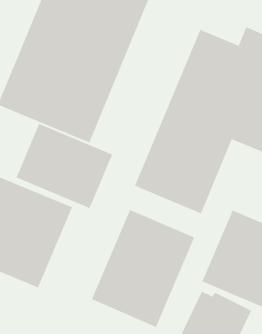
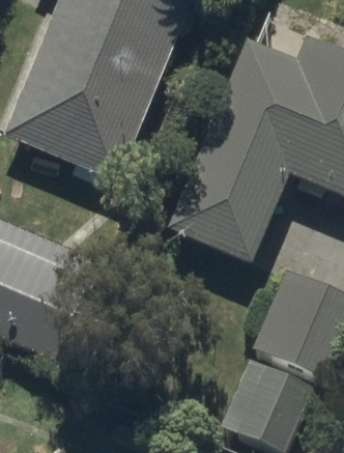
building: [16,123,113,209] -> none
building: [91,209,195,328] -> none

